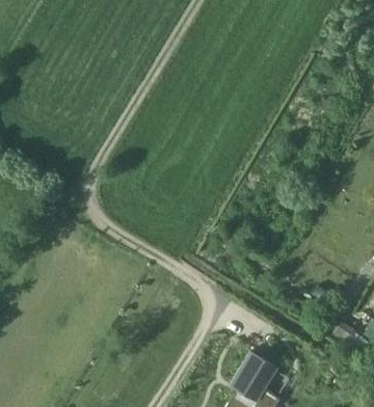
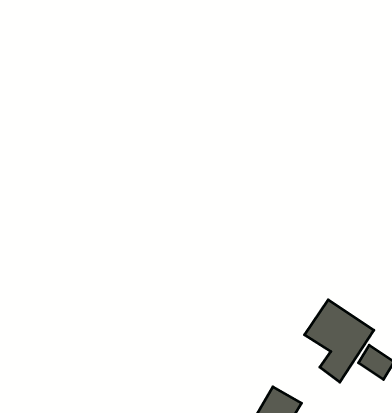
building: none -> [305,300,374,382]

